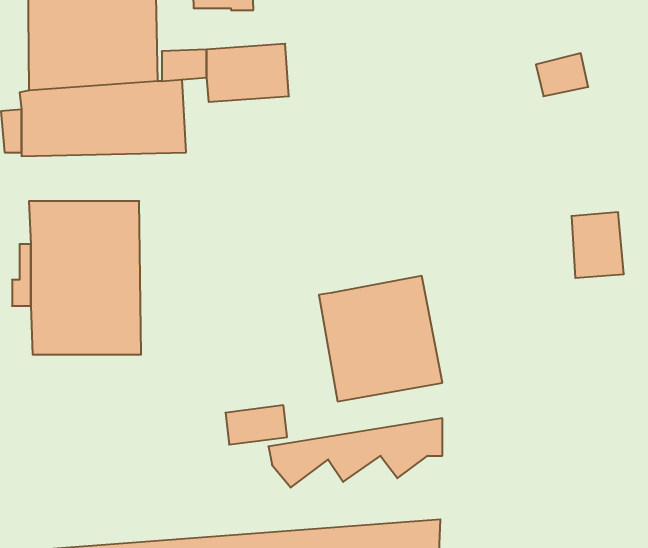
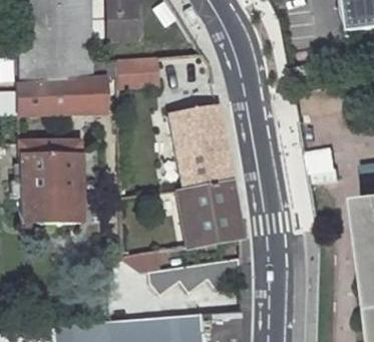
building: none -> [169,107,231,191]

